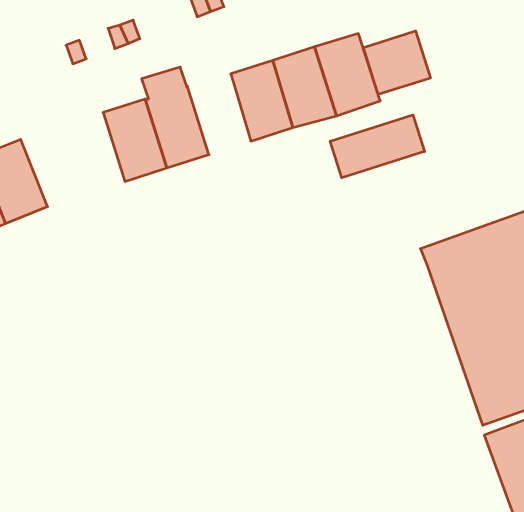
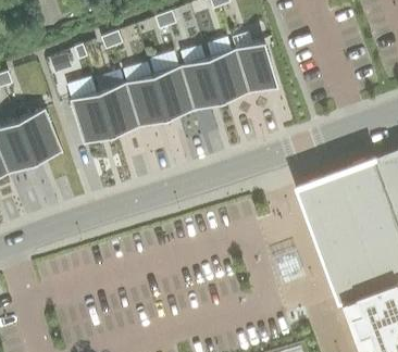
building: [363,31,430,95] -> none
building: none -> [151,66,192,118]
building: none -> [66,77,111,144]
building: [330,115,425,178] -> none

